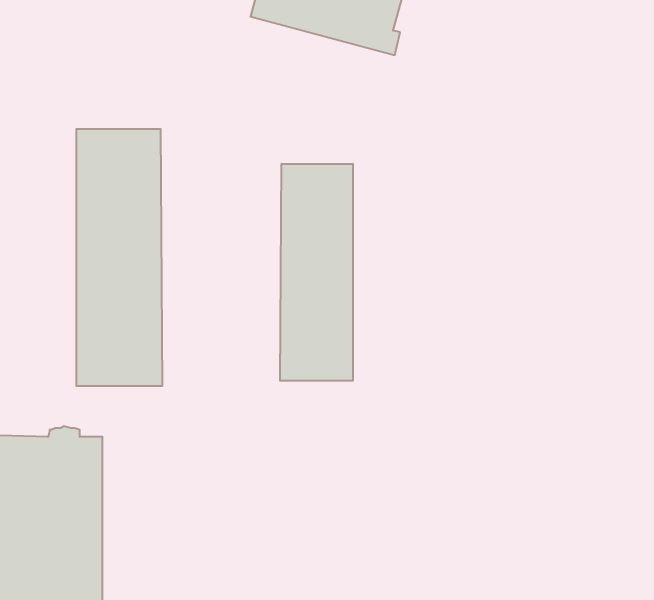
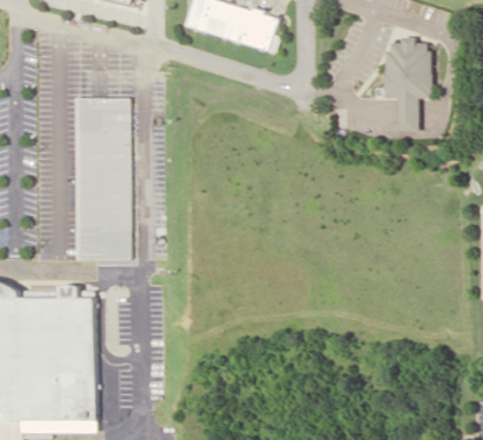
building: none -> [387,37,432,132]
building: [280,164,353,381] -> none

